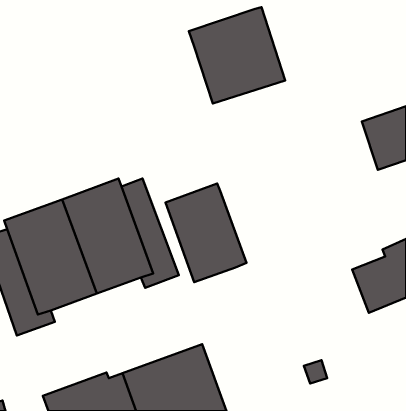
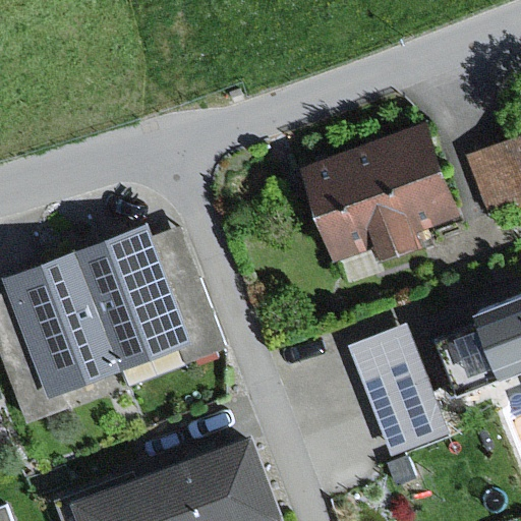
building: [189,7,285,104] -> none
building: none -> [305,123,462,264]
building: [165,183,247,282] -> none
building: none -> [347,327,446,456]

